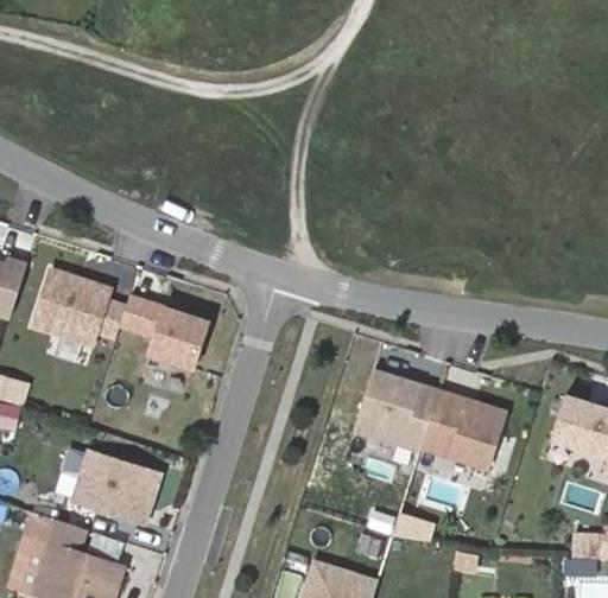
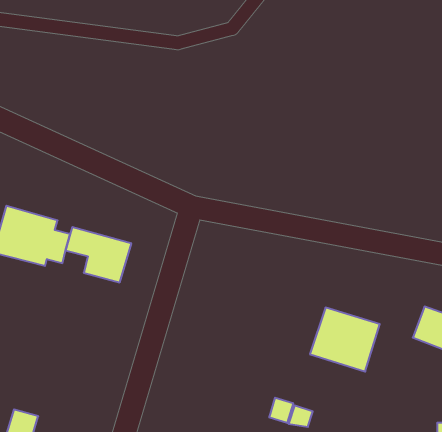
building: [355,373,439,453] -> none
building: [75,450,162,520] -> none

